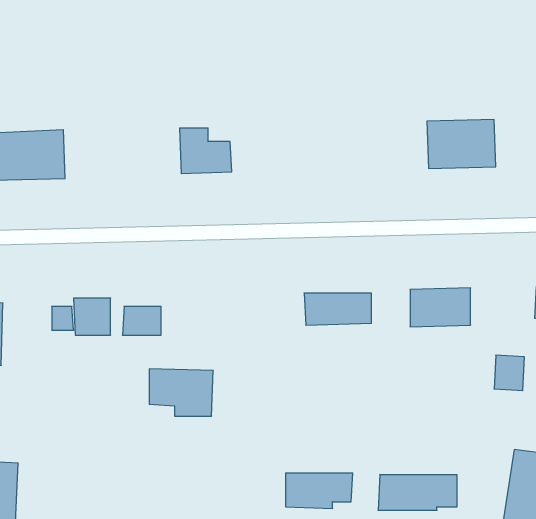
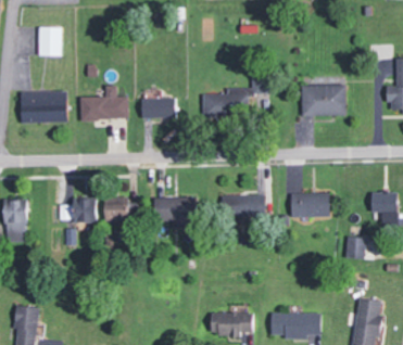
building: none -> [39,26,62,55]
building: none -> [202,75,269,116]
building: none -> [80,86,127,119]
building: [149,369,213,416] -> [156,197,198,228]

